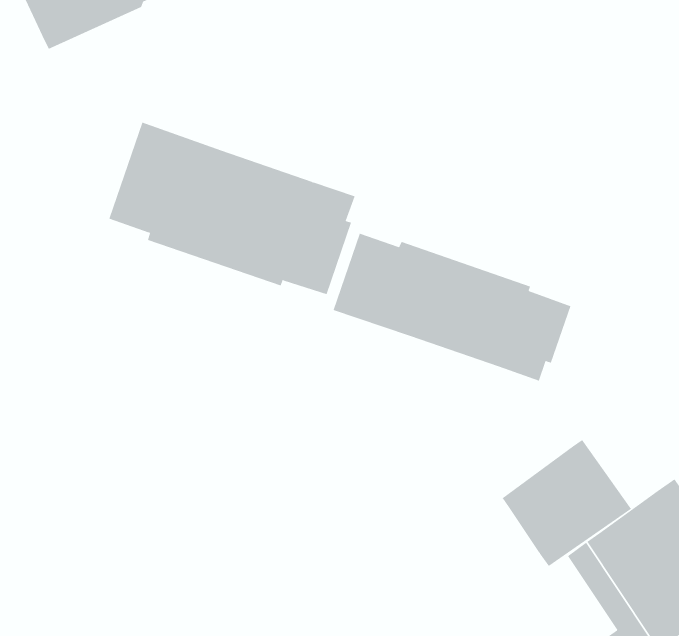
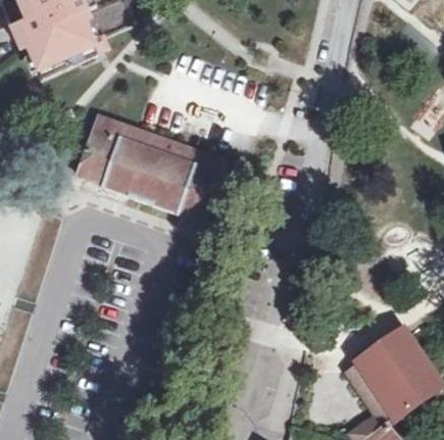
building: [333,233,571,382] -> none
building: [502,439,632,567] -> none

